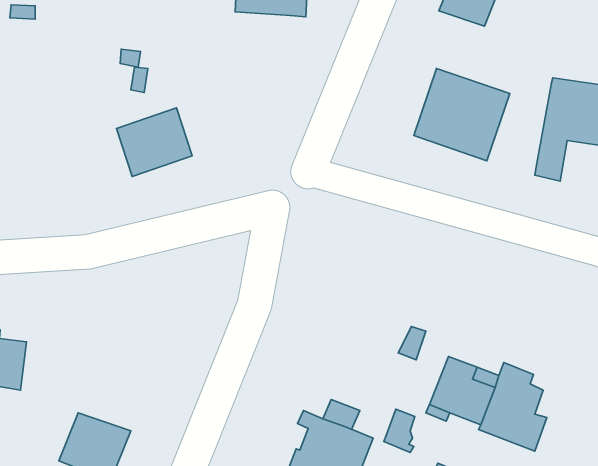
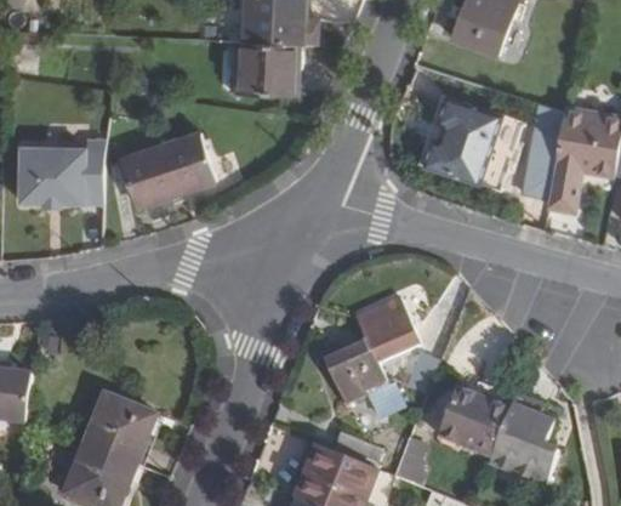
building: none -> [237,40,298,93]
building: none -> [522,107,563,197]
building: none -> [19,138,104,204]
building: none -> [324,297,420,423]
building: none -> [84,394,156,464]

